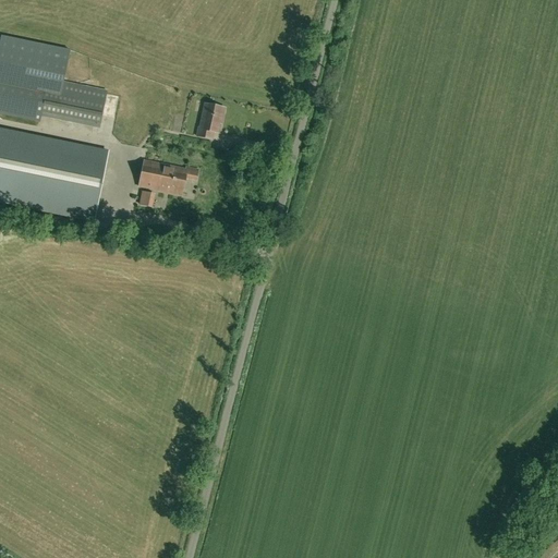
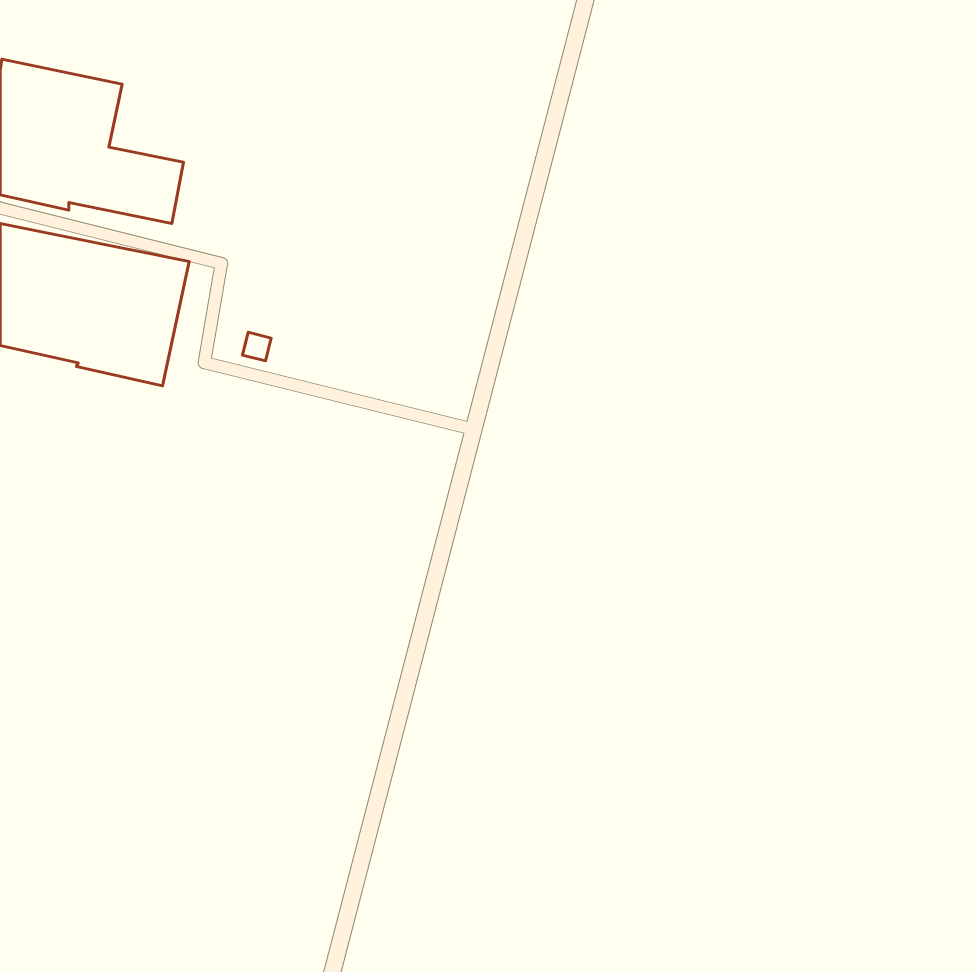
building: [196,102,225,136] -> none
building: [138,159,197,194] -> none

